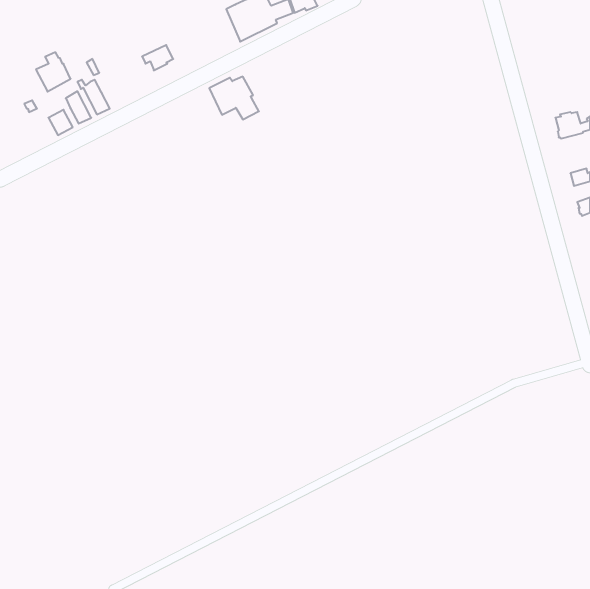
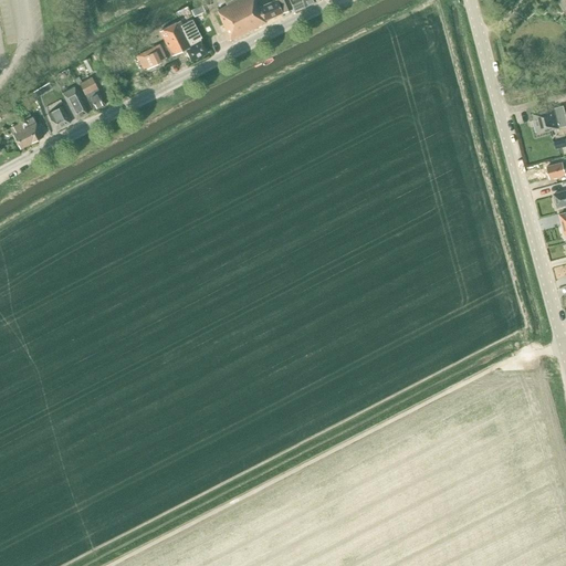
building: [36,52,71,92] -> [9,111,42,148]
building: [209,77,259,119] -> [159,19,207,60]

